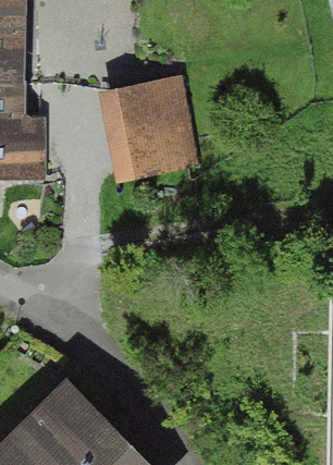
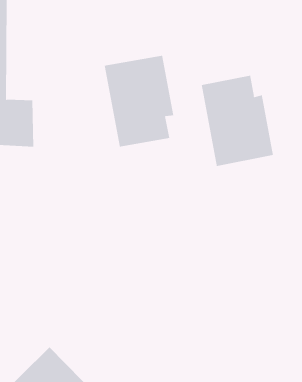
building: none -> [201,75,274,167]

